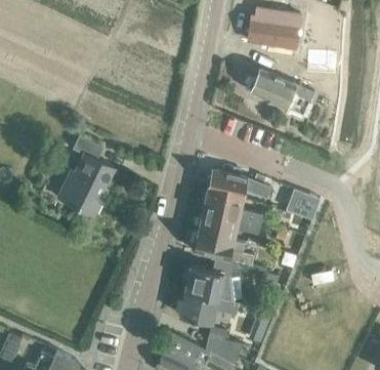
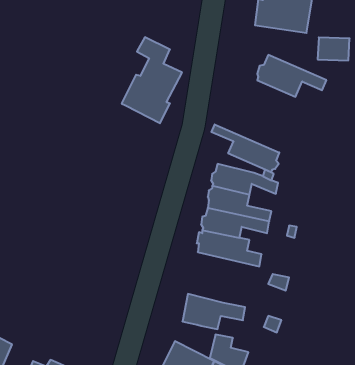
building: none -> [211,124,279,172]
building: [58,136,115,216] -> [122,37,182,123]
building: [287,191,321,220] -> none
building: [185,258,236,302] -> none

